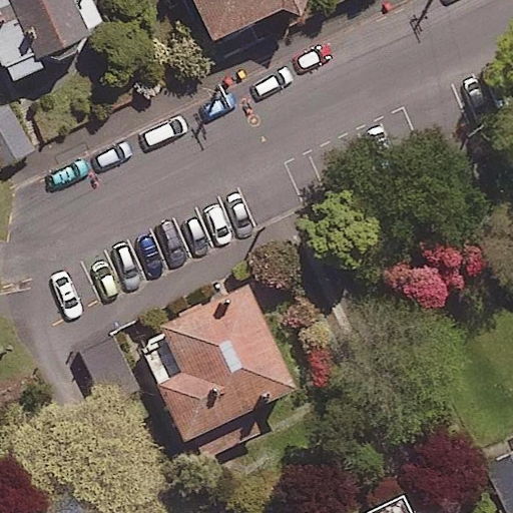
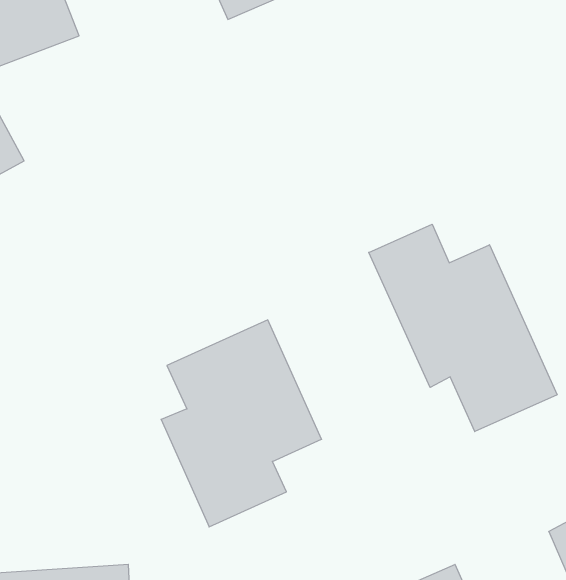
building: none -> [369,224,557,432]

